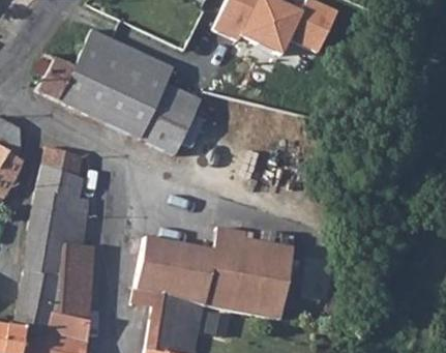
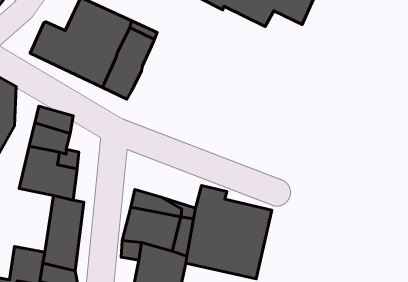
building: [141,82,202,154] -> none
building: [22,232,63,299] -> none

